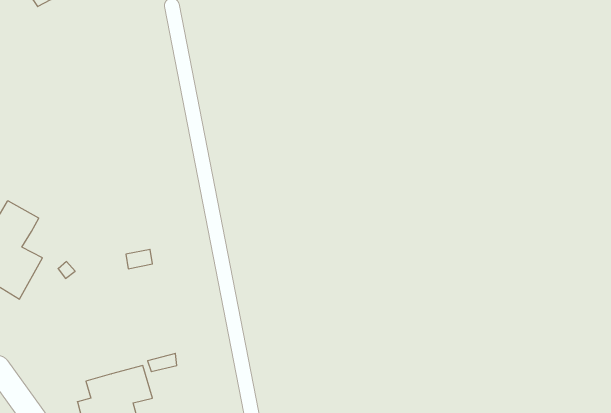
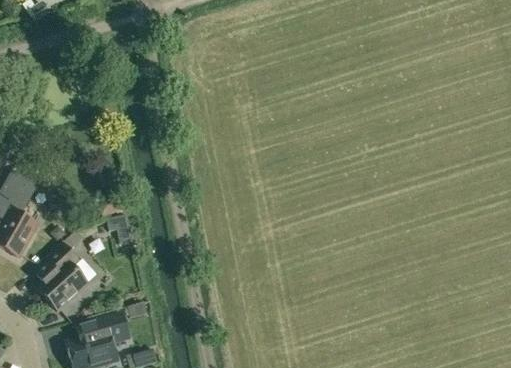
building: none -> [37,243,98,310]

